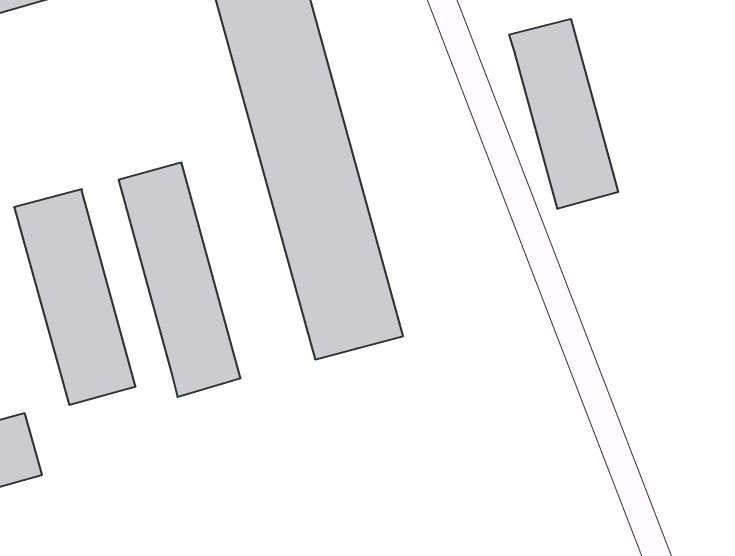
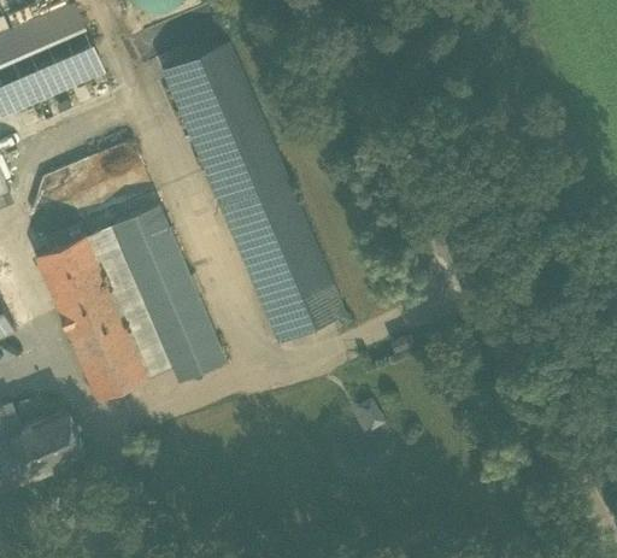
building: [509,19,618,209] -> none
building: none -> [87,225,174,380]

